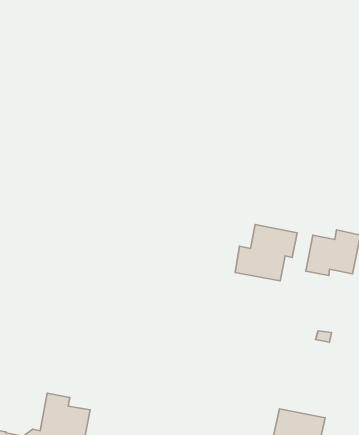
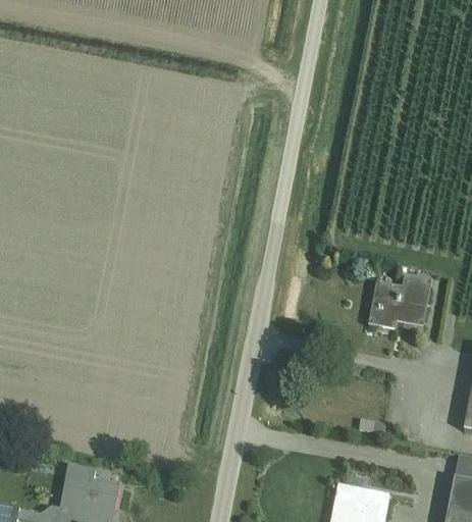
building: [235,225,297,281] -> none

